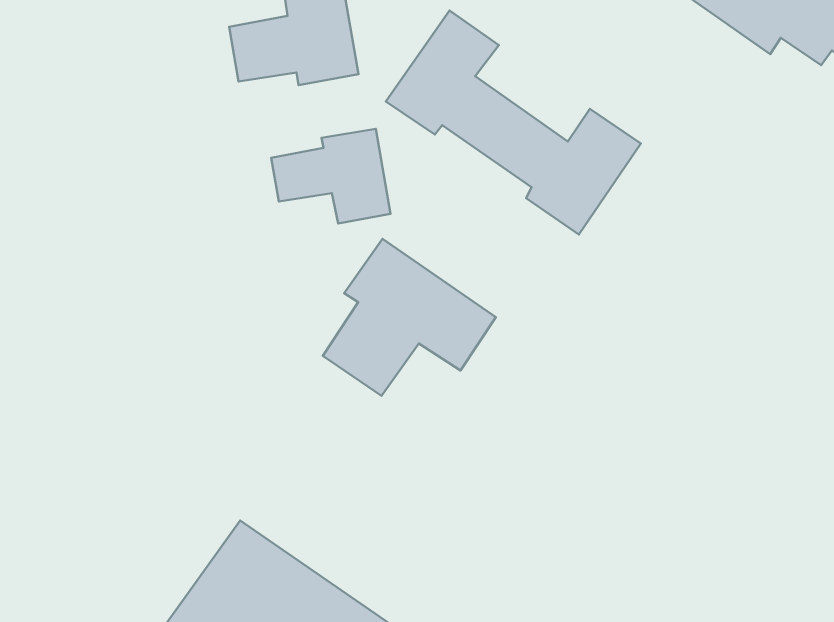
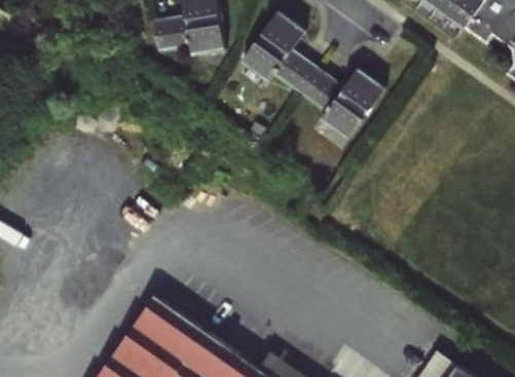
building: [271,129,391,224] -> none
building: [323,239,496,396] -> none

